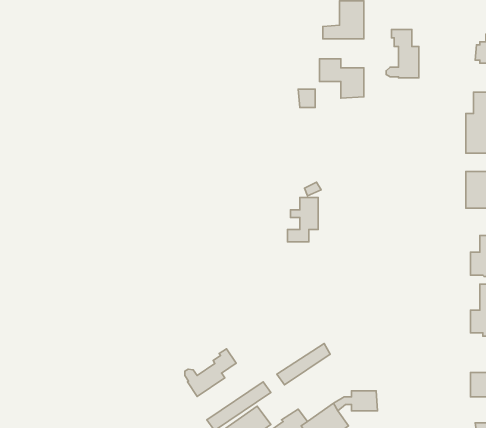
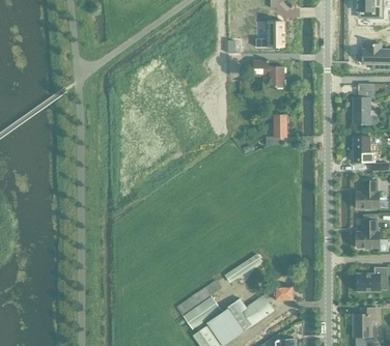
building: [386,29,419,78] -> none
building: [288,198,318,242] -> [267,115,287,145]
building: [185,349,236,396] -> none

